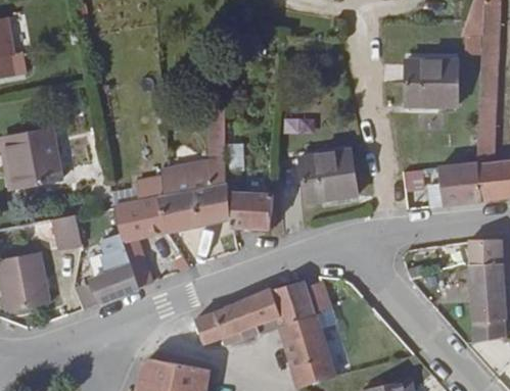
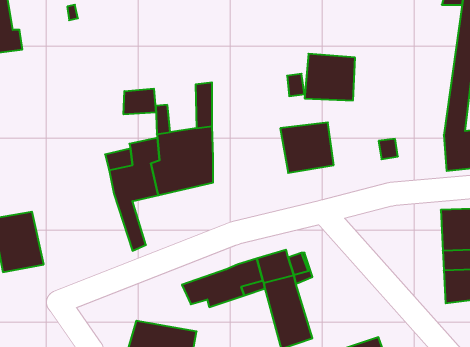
building: [406,50,459,99] -> [305,54,355,100]
building: none -> [124,89,156,114]
building: [8,130,62,187] -> none
building: [423,165,472,208] -> none
building: [229,190,273,232] -> none
building: [49,212,84,247] -> none
building: [89,227,142,303] -> none

